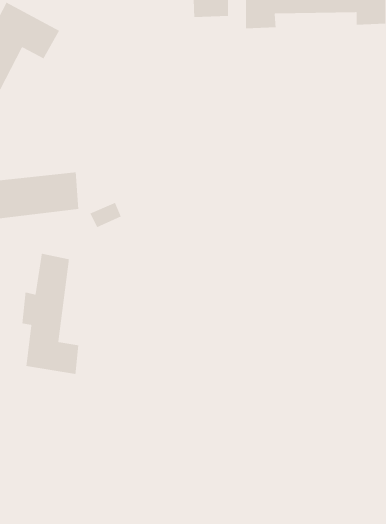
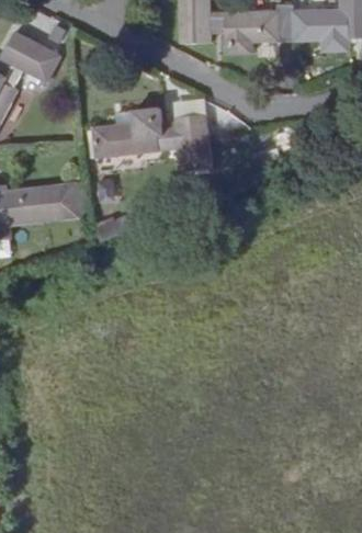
building: none -> [92,103,211,167]
building: [21,253,79,375] -> none

